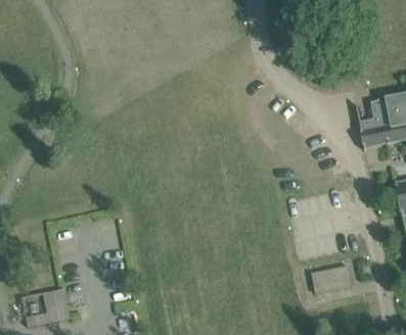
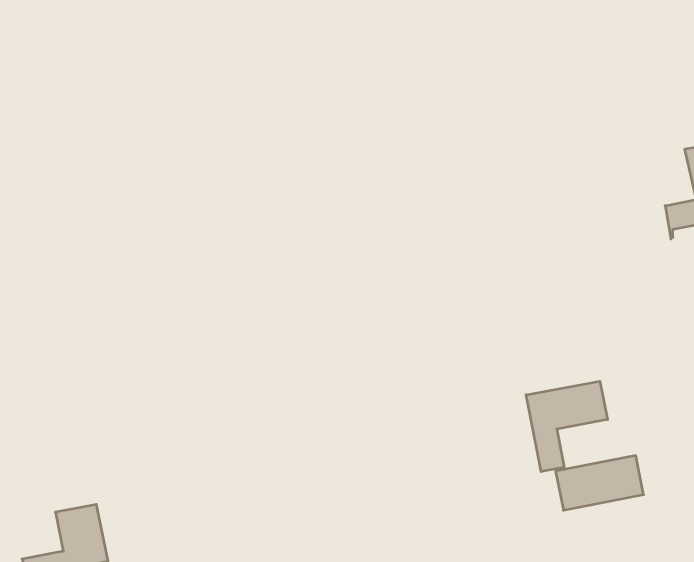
building: none -> [526,381,608,472]

